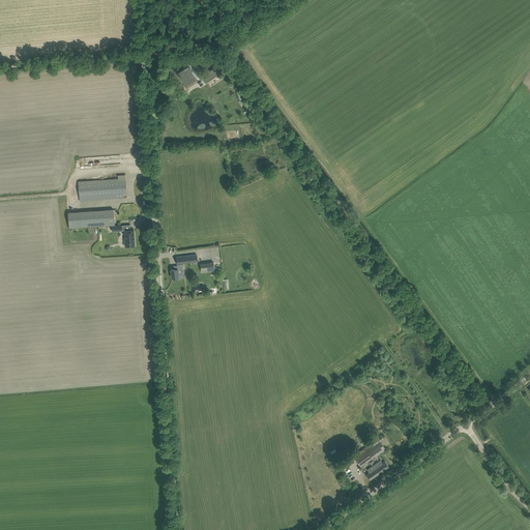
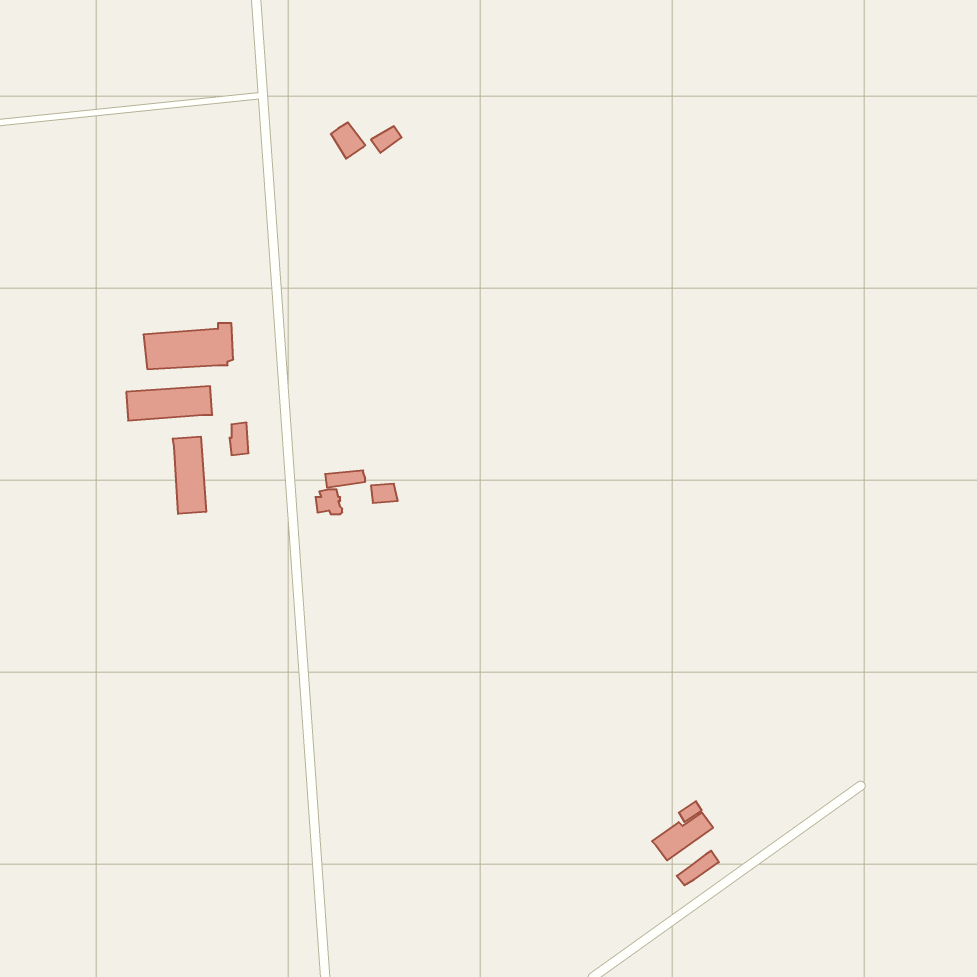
building: none -> [173,437,206,514]

